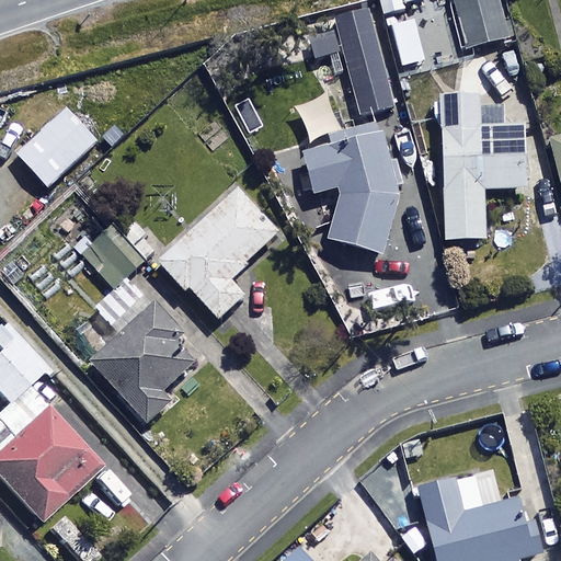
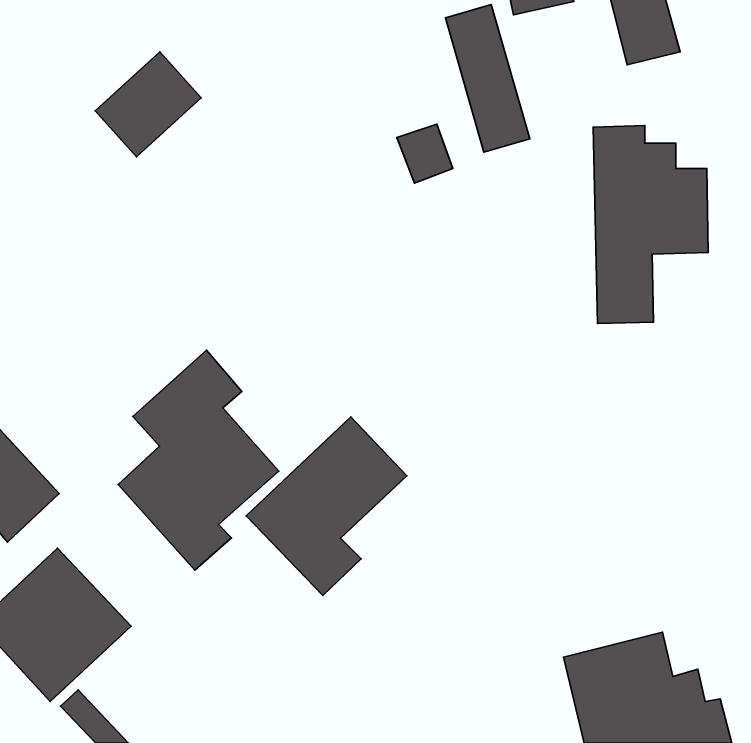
building: [16,106,95,184] -> [95,52,201,157]
building: [301,129,399,252] -> none
building: [159,188,278,321] -> [246,417,407,596]
building: [80,220,144,284] -> none

